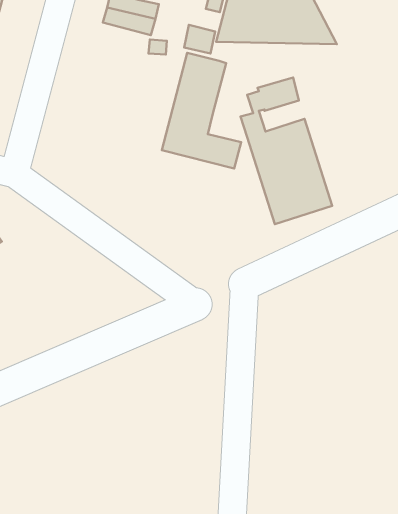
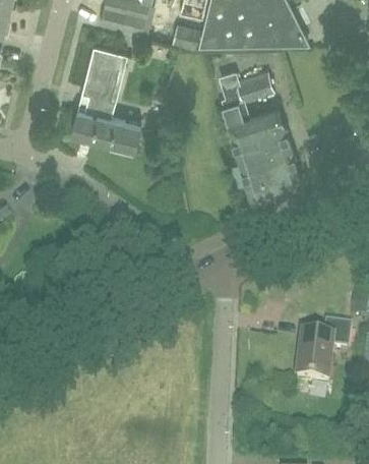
building: [162,53,241,169] -> [71,46,141,149]
building: none -> [296,322,351,384]

